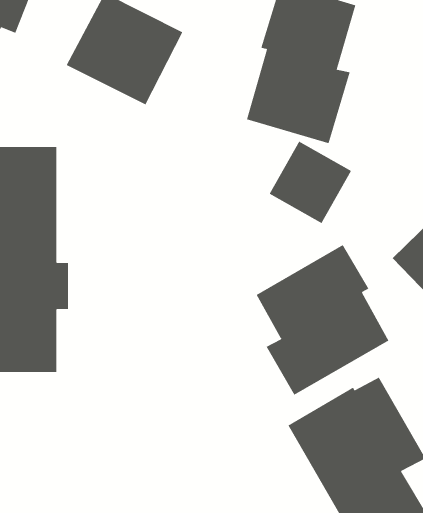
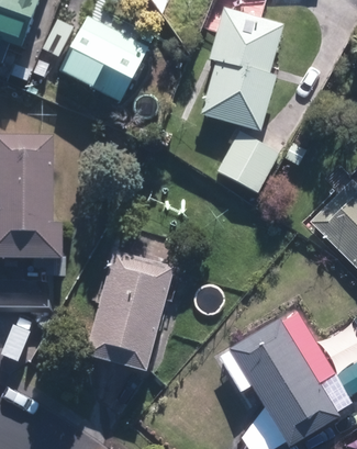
building: [256,244,389,395] -> none
building: none -> [85,248,176,372]

